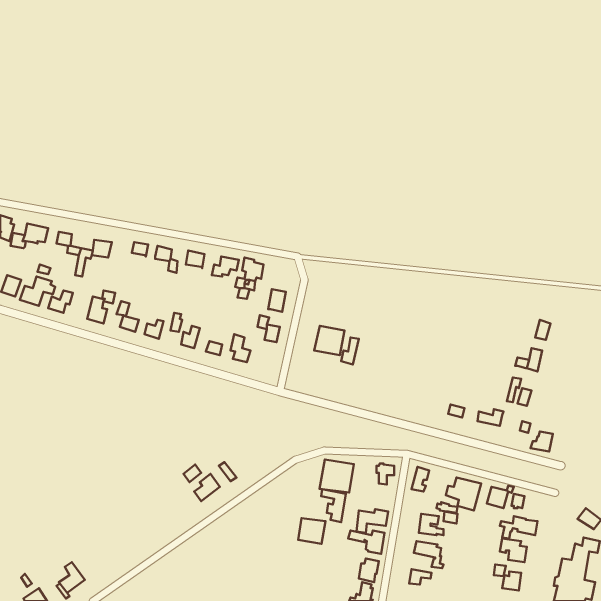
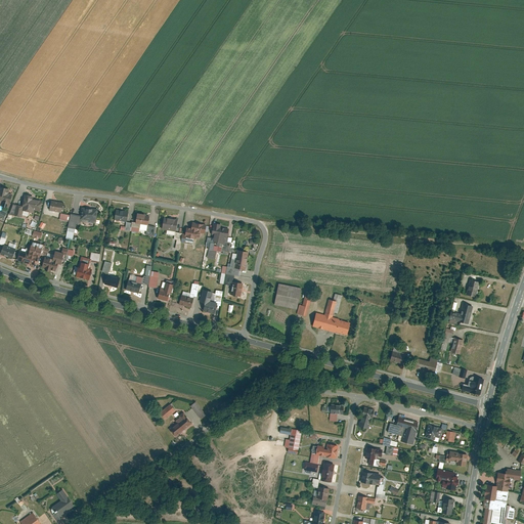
building: none -> [311,295,350,336]
building: [320,459,354,493] -> none
building: [298,518,326,544] -> none

